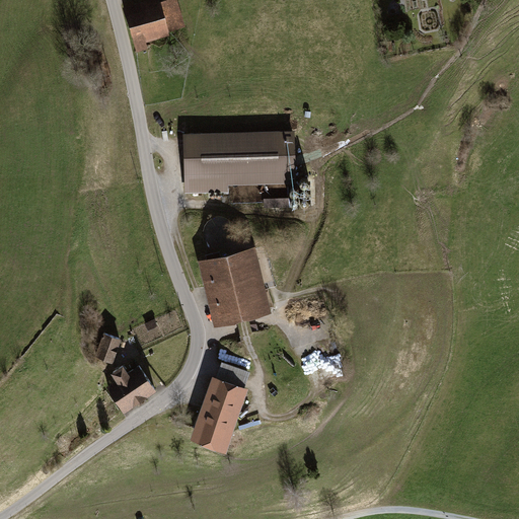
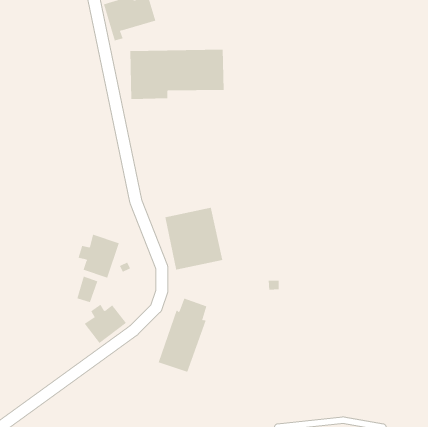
building: [180,132,295,193] -> [130,49,224,99]
building: none -> [78,234,120,279]

